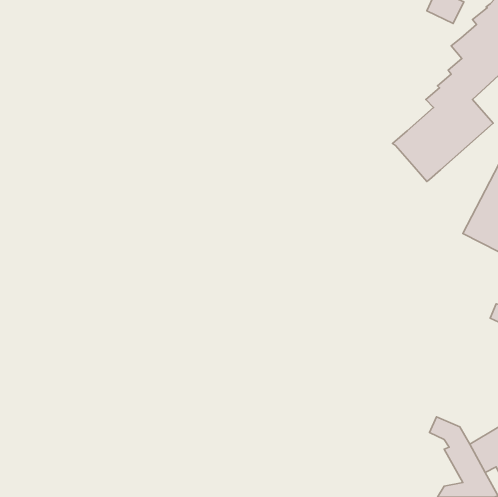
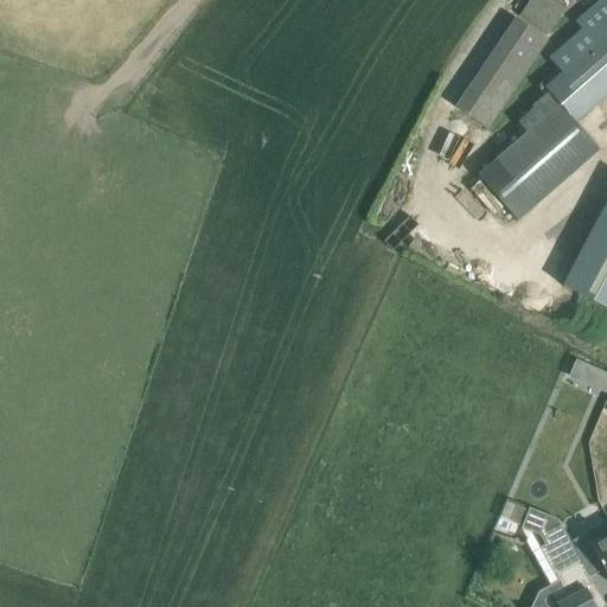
building: none -> [455,17,549,127]

